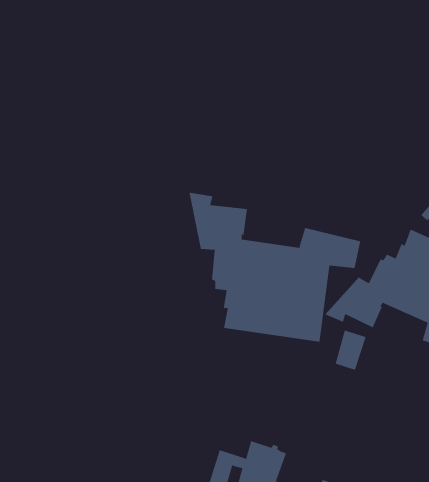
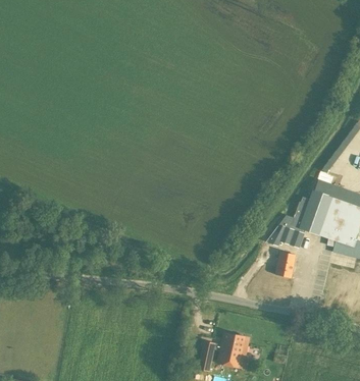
building: [189,192,361,342] -> none

